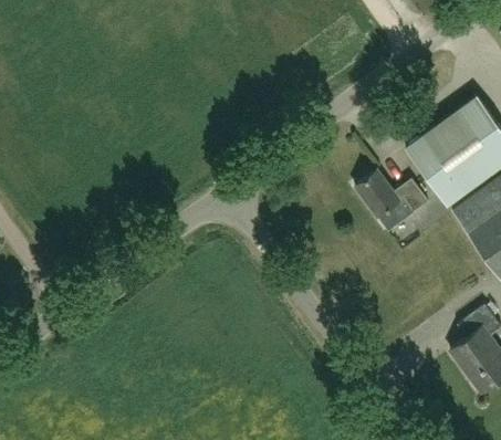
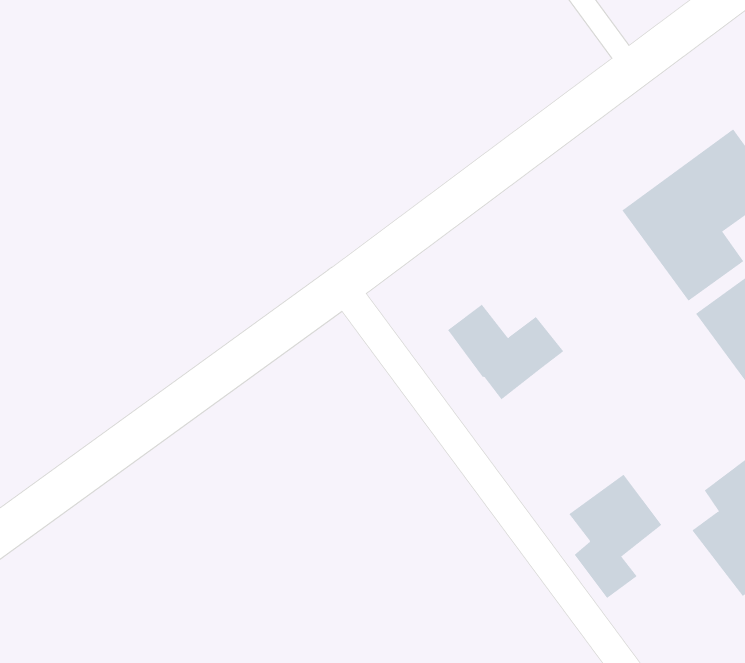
building: [355,170,429,231] -> [447,304,564,400]
building: none -> [569,474,662,599]

